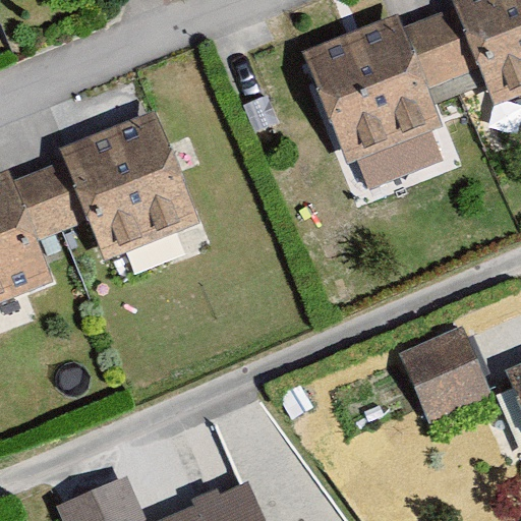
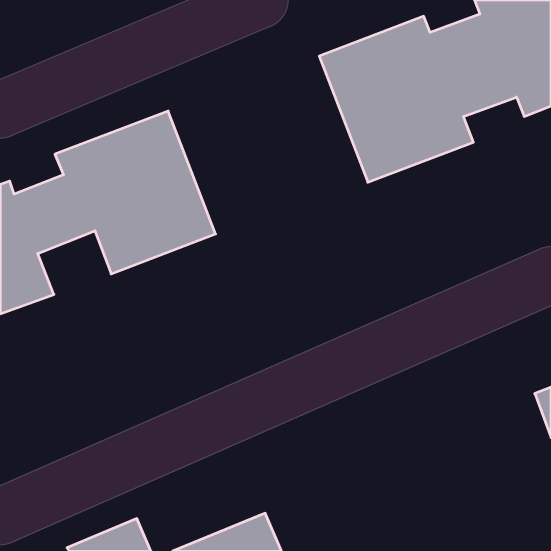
building: [400,334,493,430] -> none

